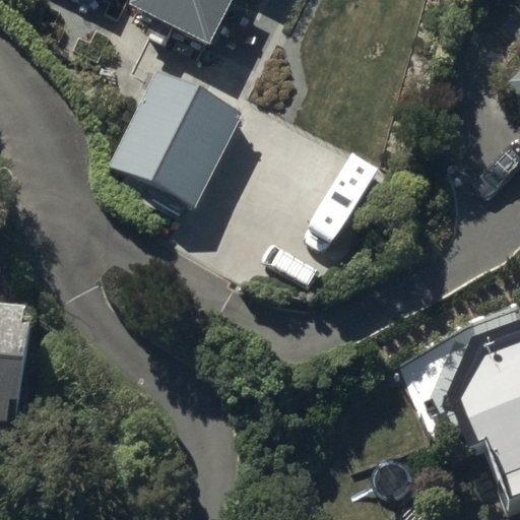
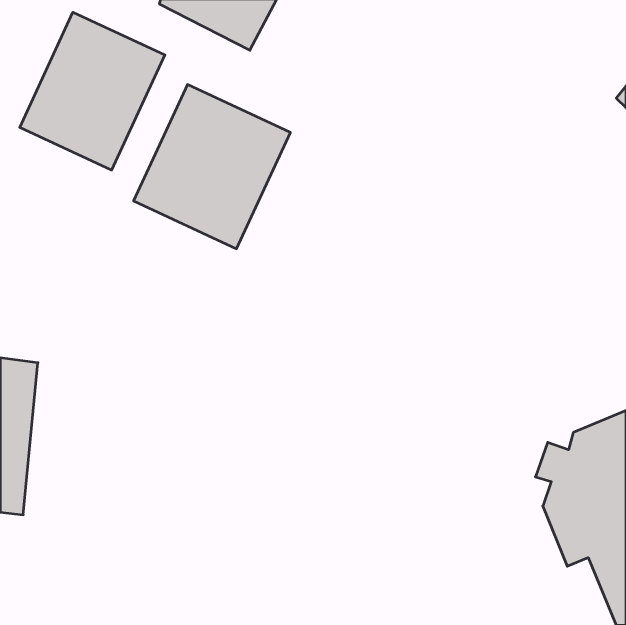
building: none -> [20,12,165,170]

